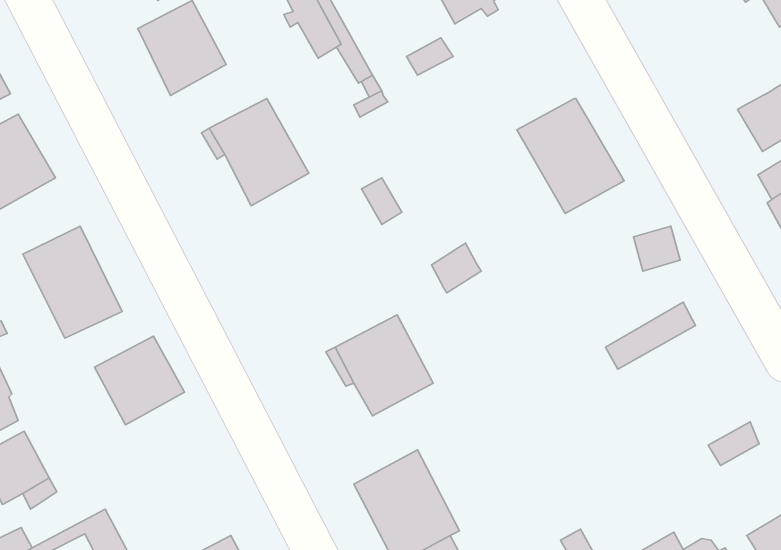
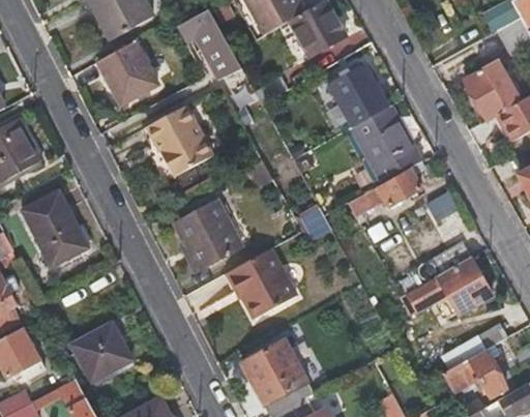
building: none -> [463,62,518,120]
building: none -> [326,64,388,127]
building: none -> [347,161,425,224]
building: none -> [175,200,242,269]
building: none -> [406,258,491,316]
building: [94,336,185,425] -> [71,323,131,382]
building: none -> [443,352,504,397]

